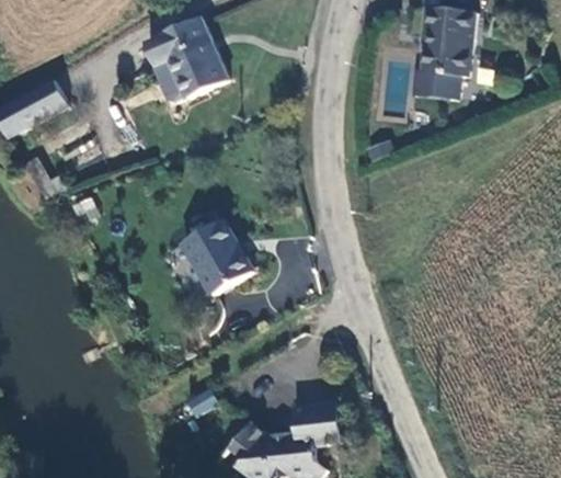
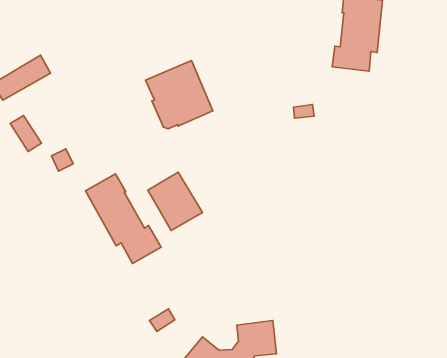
building: [147,20,229,103] -> [146,60,213,129]
building: none -> [86,174,161,264]

